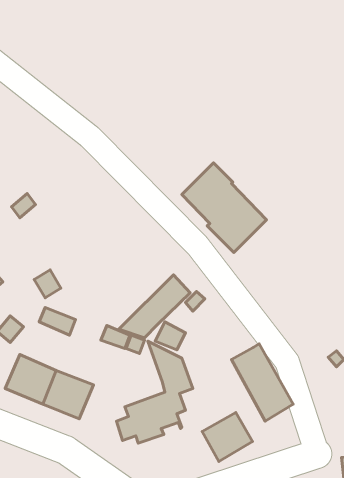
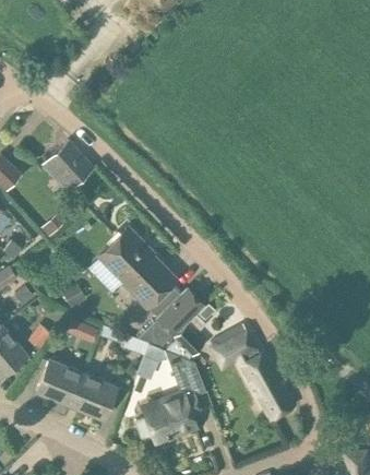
building: none -> [41,141,93,192]
building: [182,163,267,253] -> [98,227,175,308]
building: none -> [207,325,259,370]
building: [202,412,253,462] -> none

